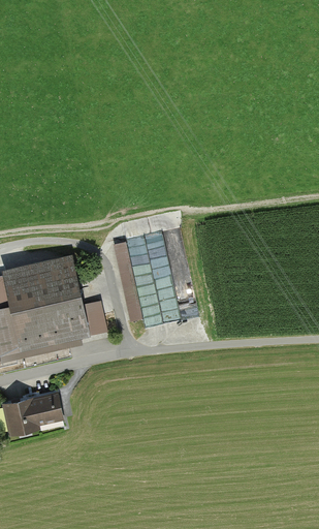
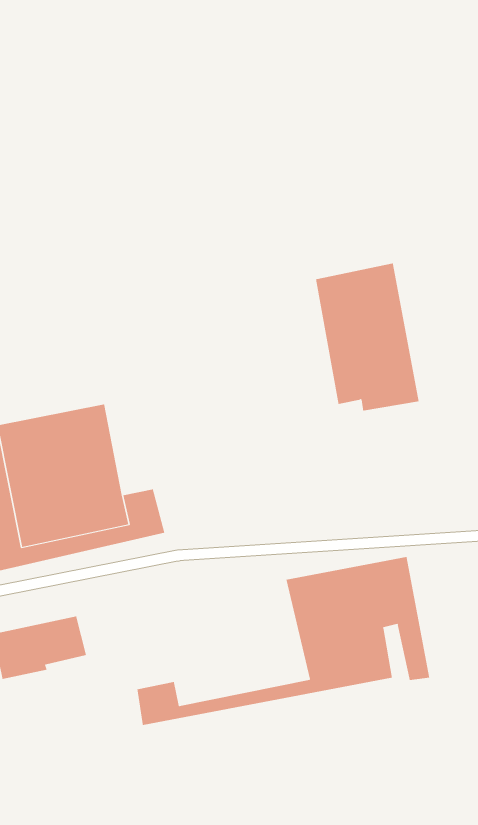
building: [113,231,179,325] -> [315,263,420,411]
building: none -> [137,556,430,726]

